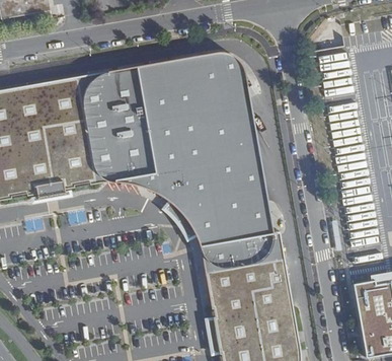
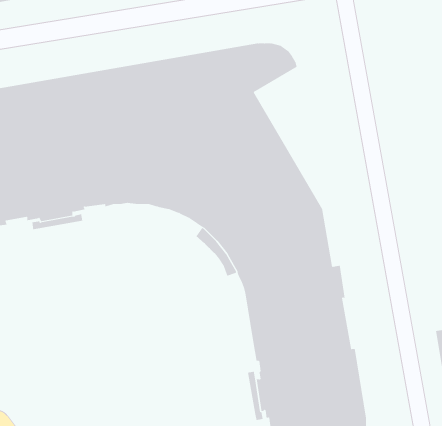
building: [208,72,262,186] -> none

